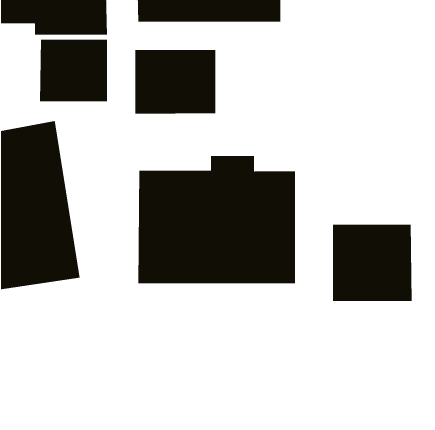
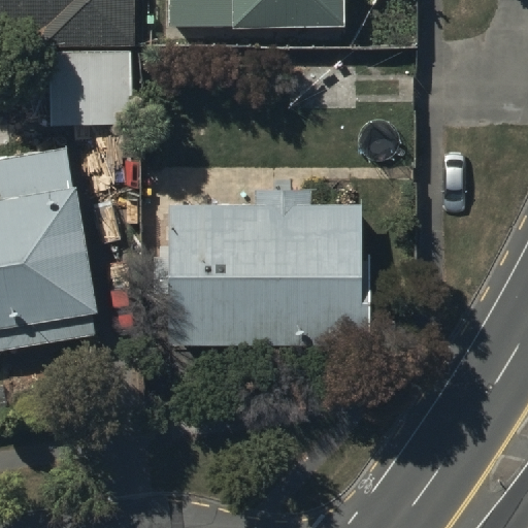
building: [135,49,216,115] -> none
building: [332,224,412,302] -> none

